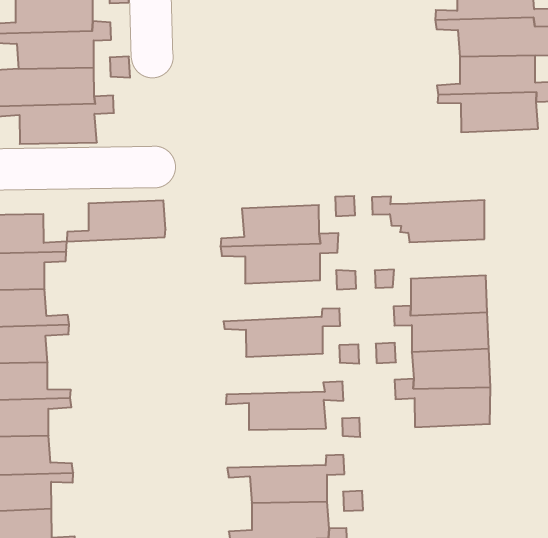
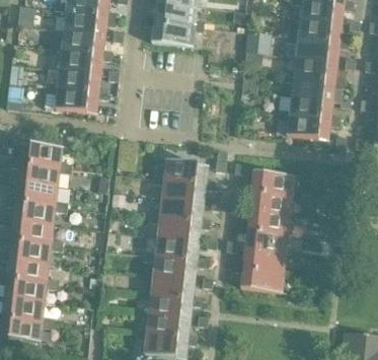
building: [67,200,166,242] -> [149,198,203,221]
building: none -> [242,183,292,212]
building: none -> [145,236,199,261]
building: none -> [140,275,195,299]

